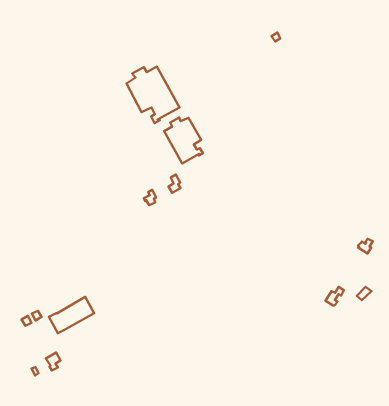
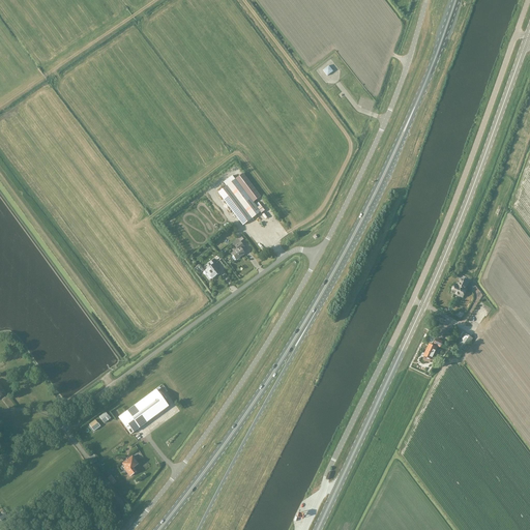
building: [126,67,180,123] -> none

